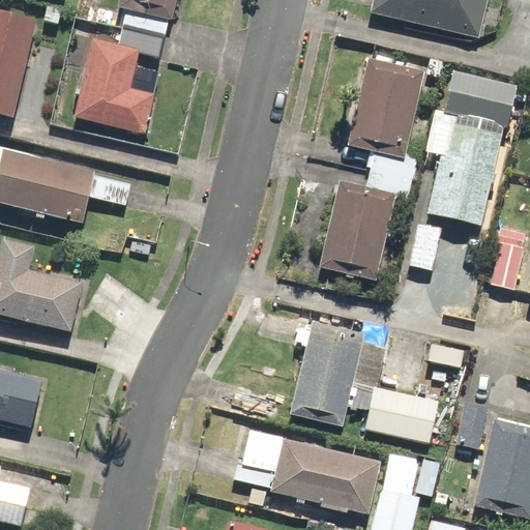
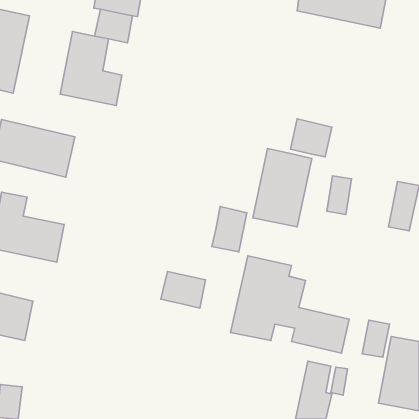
building: [344,50,423,148] -> none
building: [428,70,519,226] -> none
building: none -> [212,206,247,252]
building: none -> [161,271,206,308]
building: [243,431,381,516] -> none

